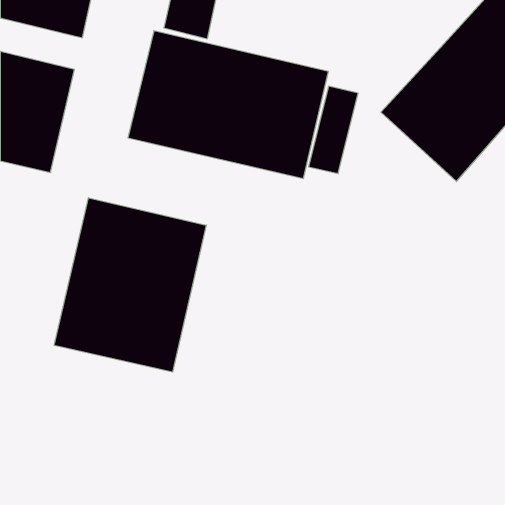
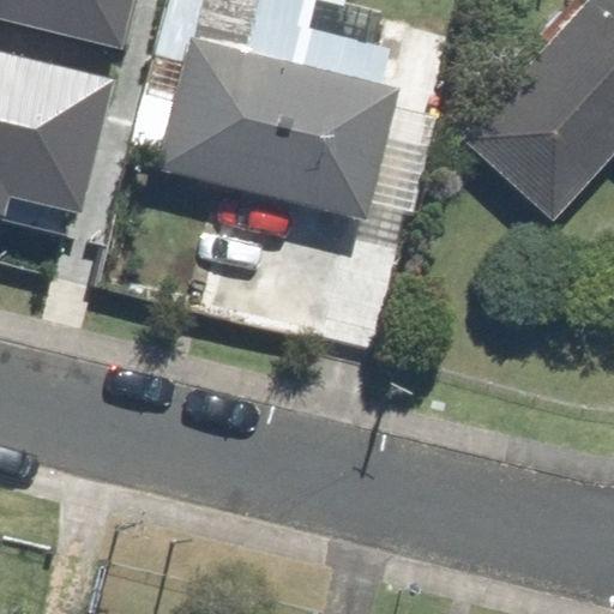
building: [54,198,206,372] -> none

